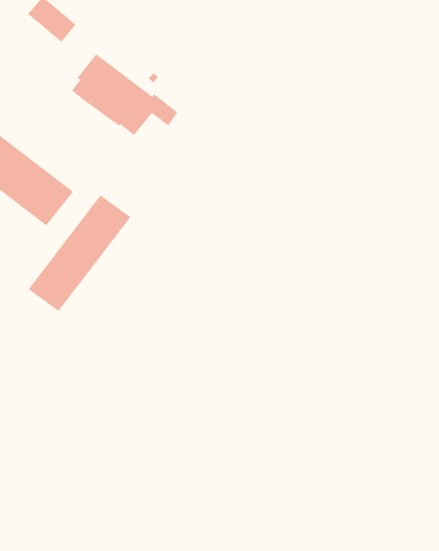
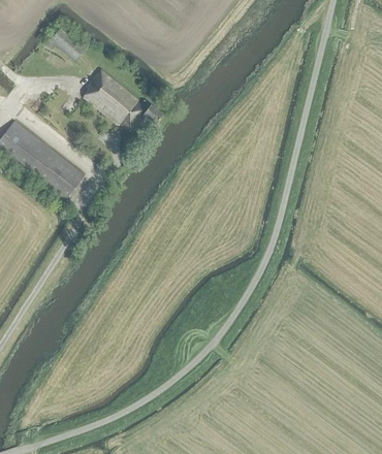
building: [28,195,131,312] -> none

